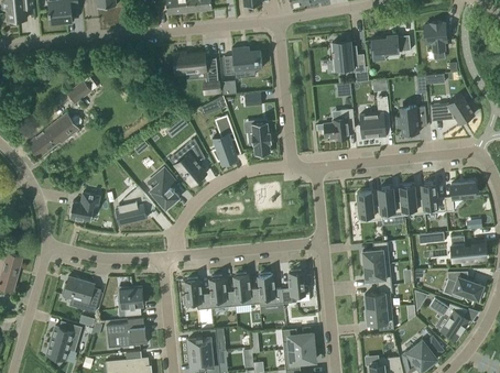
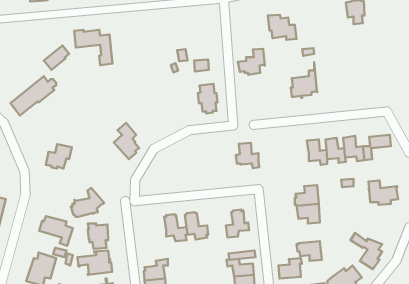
building: [372,34,411,56] -> none
building: [222,46,262,75] -> none
building: [174,53,219,95] -> [74,30,112,65]
building: [431,95,475,123] -> none
building: [395,105,426,133] -> none
building: [323,109,355,140] -> [238,49,265,75]
building: [211,114,240,165] -> none
building: [175,138,206,185] -> none
building: [115,190,154,224] -> [71,188,104,217]
building: [354,191,381,221] -> [236,143,259,168]
building: [447,271,483,299] -> none
building: [259,273,284,304] -> none
building: [183,278,211,309] -> none
building: [367,285,394,309] -> [279,258,302,279]

